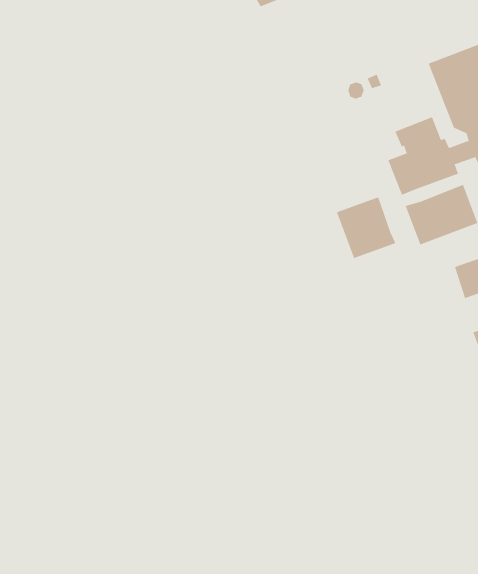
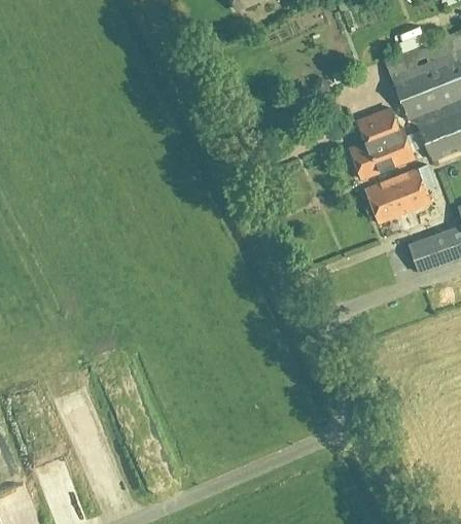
building: [336,197,396,259] -> none

